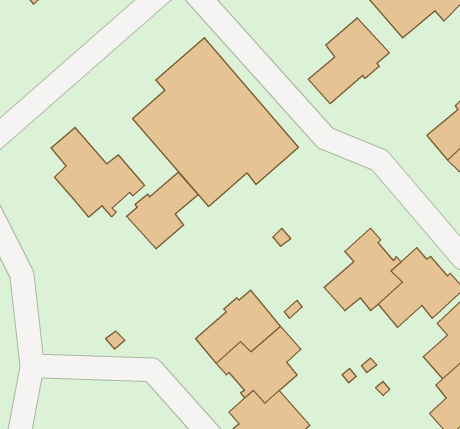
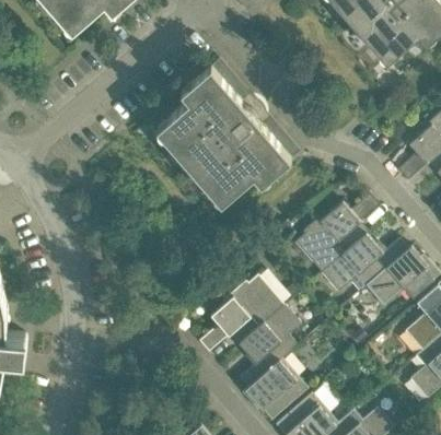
building: [308,18,389,104] -> none
building: [51,127,144,217] -> none
building: [126,172,198,249] -> none
building: none -> [293,205,358,277]

